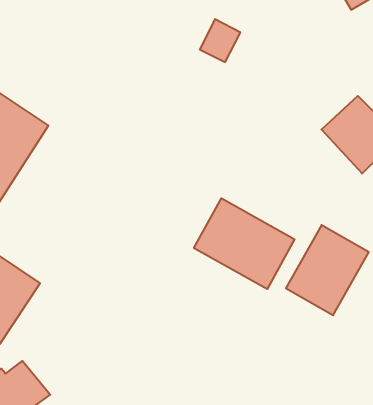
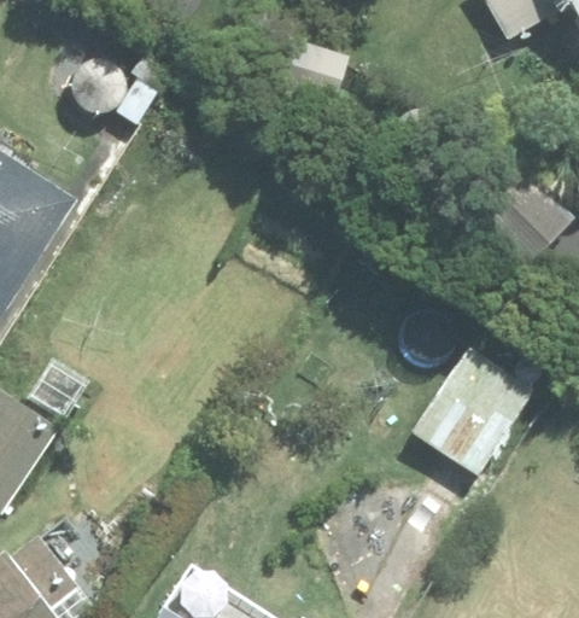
building: [194,198,295,289] -> none

